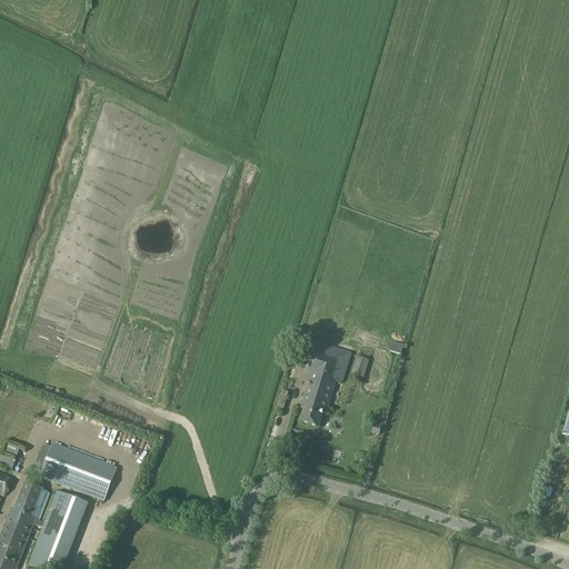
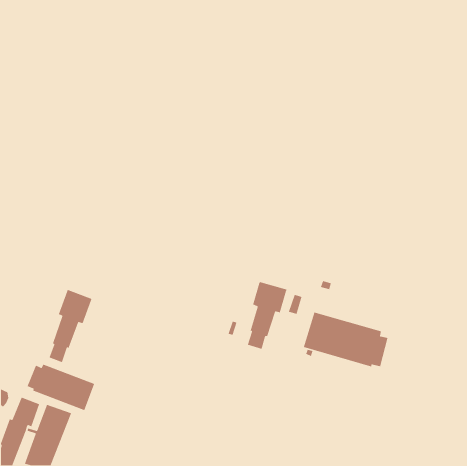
building: none -> [48,289,92,363]
building: none -> [303,311,388,368]

